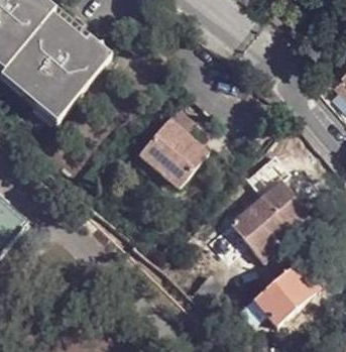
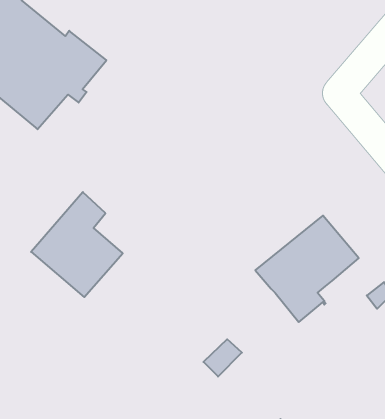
building: [136,112,206,192] -> [31,192,123,297]
building: [236,264,316,328] -> none

